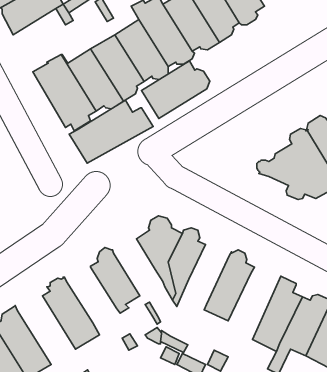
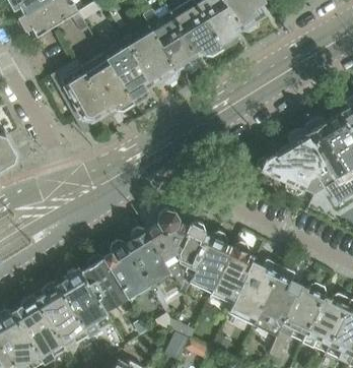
building: [142,61,210,119] -> none
building: [69,100,153,163] -> none
building: none -> [125,228,172,289]
building: none -> [189,232,232,293]
building: none -> [81,254,128,310]
building: none -> [228,260,280,325]
building: none -> [36,281,89,349]

